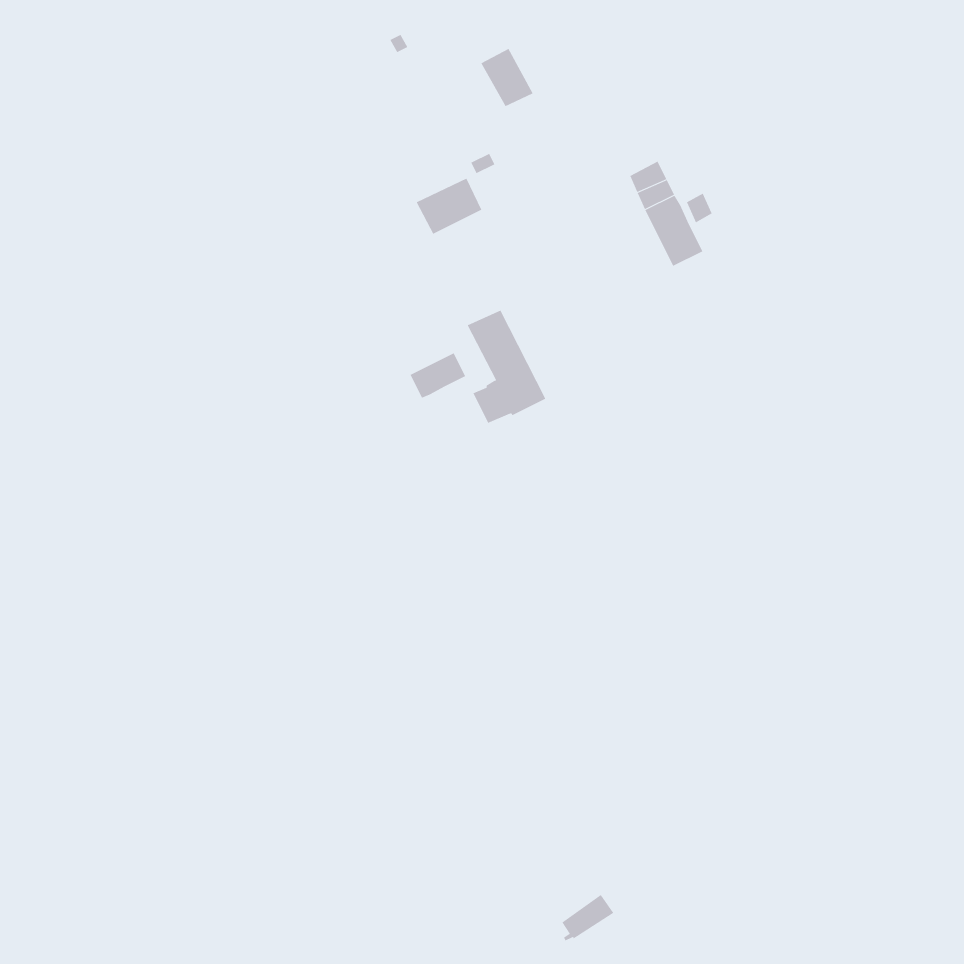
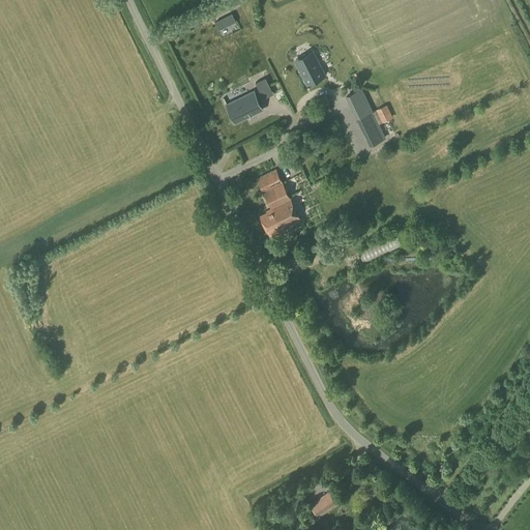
building: [480,48,533,107] -> [294,53,323,85]
building: [410,352,466,399] -> none

